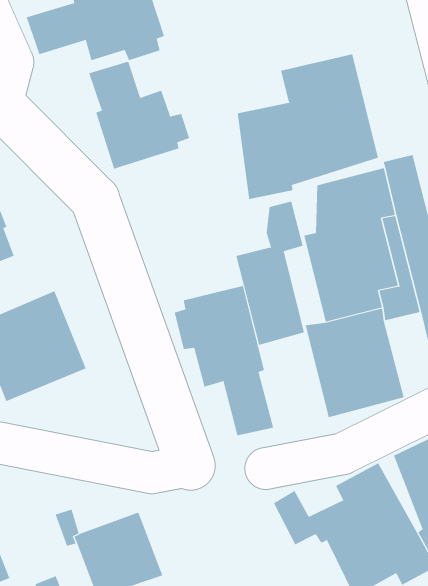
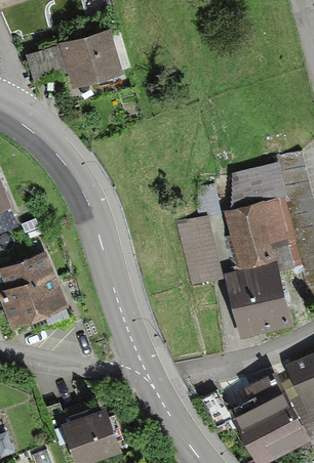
building: [237,53,379,200] -> none
building: [89,61,190,169] -> none
building: [174,285,274,436] -> none

